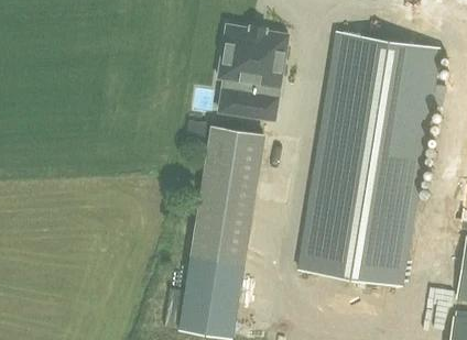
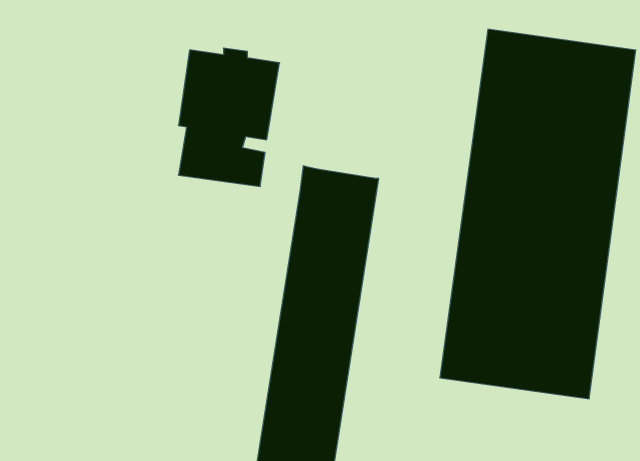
building: [218,25,287,120] -> [178,48,280,186]

